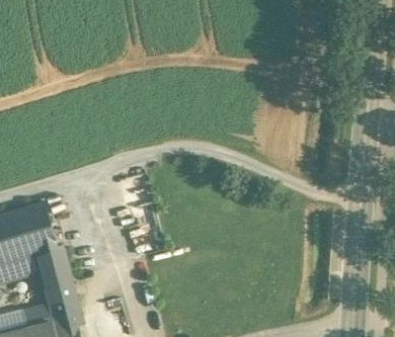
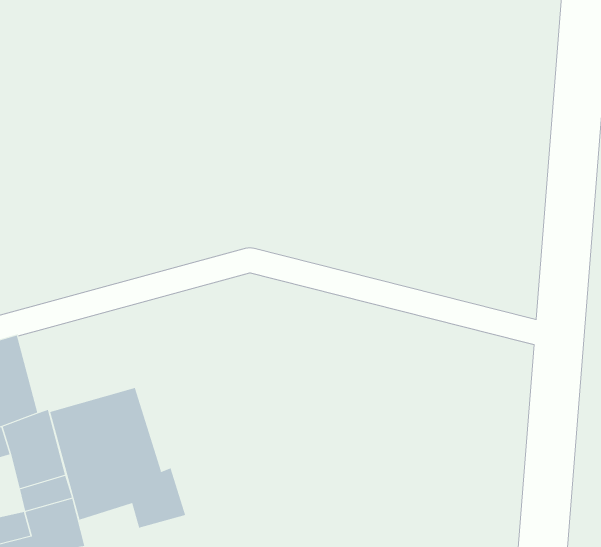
building: none -> [50,387,186,528]

